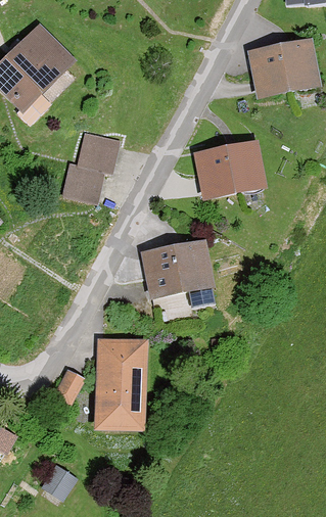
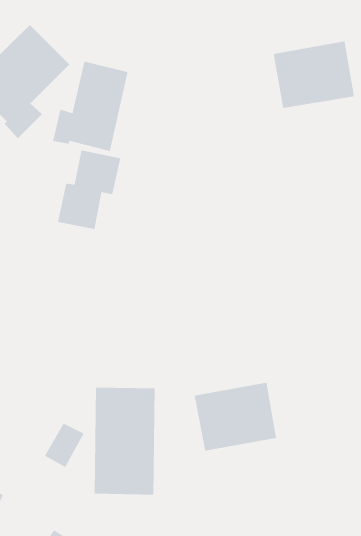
building: none -> [52,61,128,152]
building: [195,142,265,199] -> none
building: [140,240,212,299] -> [194,382,277,451]

